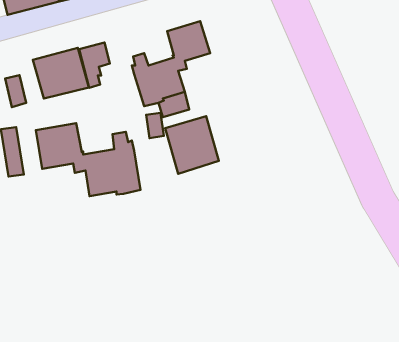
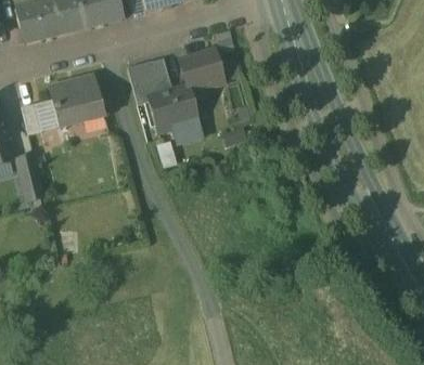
building: [79,43,110,88] -> [128,60,158,104]
building: [165,116,219,174] -> none
building: [36,123,140,196] -> none

